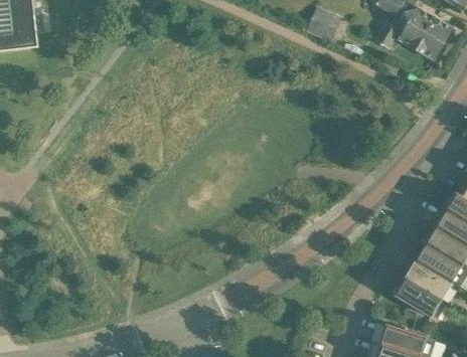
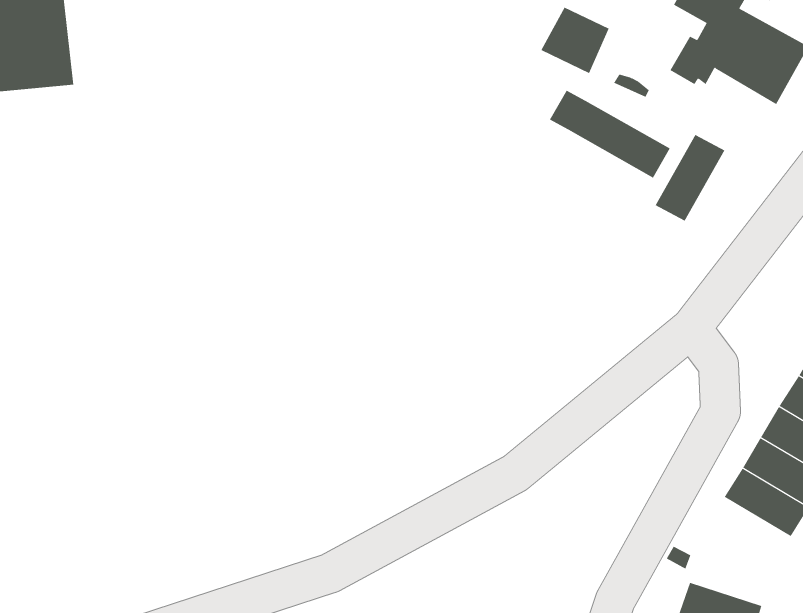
building: none -> [549,90,671,178]
building: none -> [655,134,725,222]
building: [394,278,441,318] -> none

